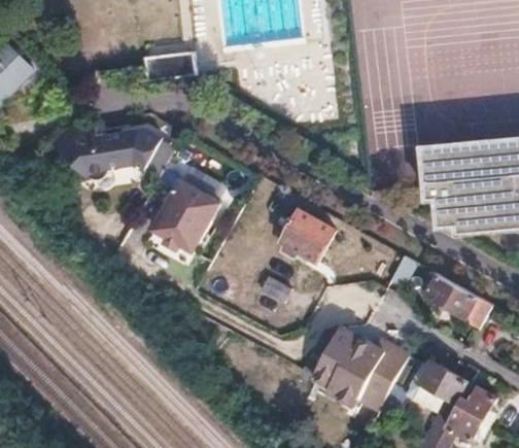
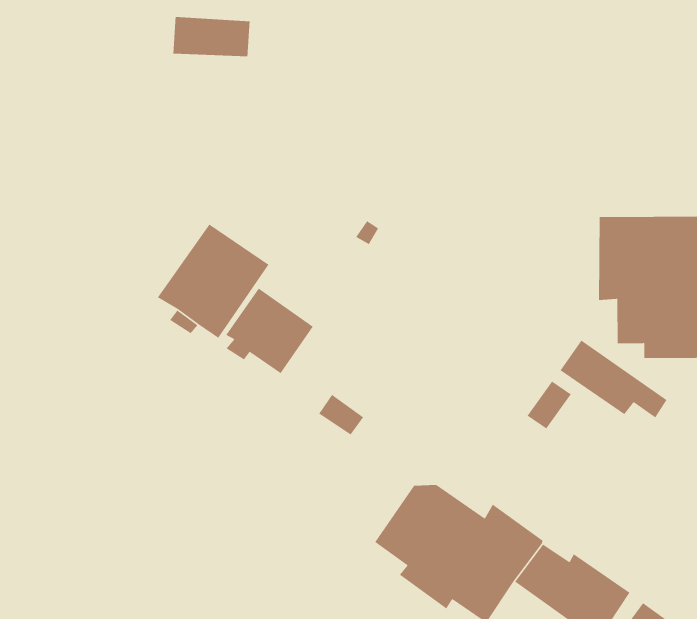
building: [50,123,162,180] -> none
building: [281,210,336,263] -> [225,287,314,374]
building: [423,272,492,316] -> [560,340,667,419]

